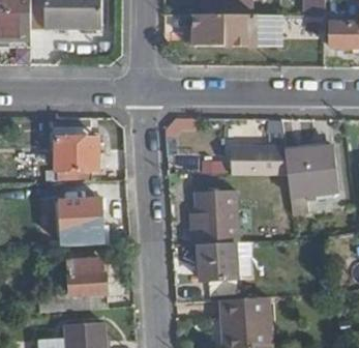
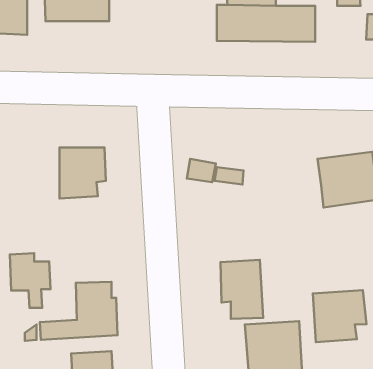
building: [230,148,290,174] -> none
building: [192,190,240,242] -> none
building: [68,198,104,247] -> [10,253,50,308]
building: none -> [313,290,367,342]

